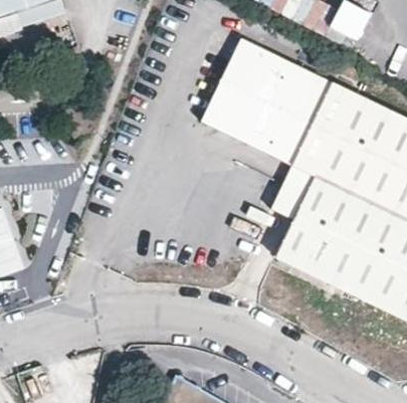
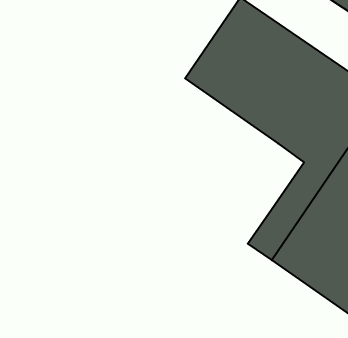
building: [268,167,318,227] -> none

